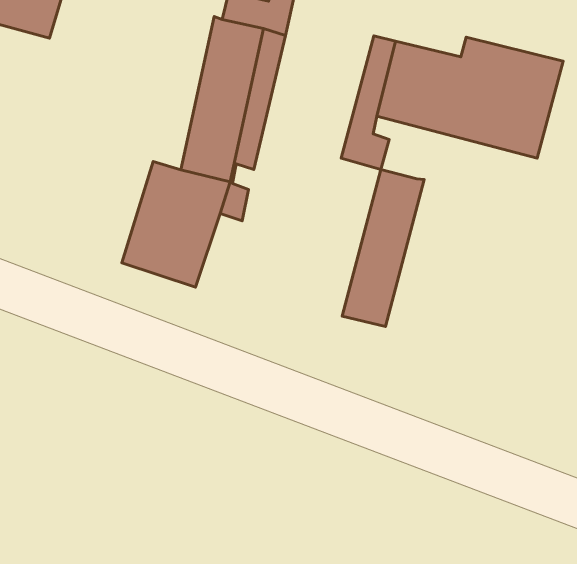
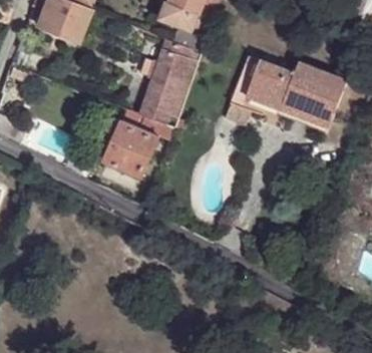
building: [342,169,424,326] -> none

